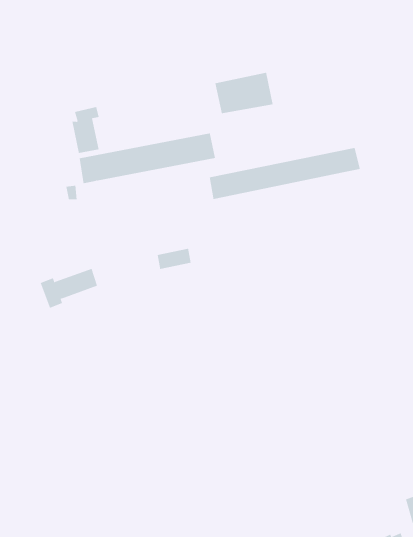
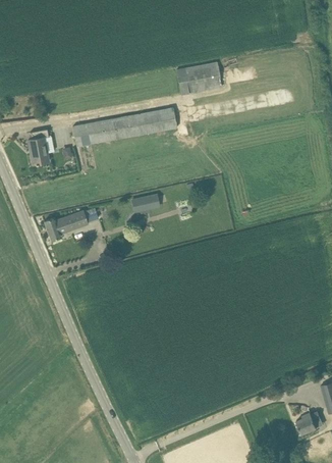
building: [71,106,100,153] -> [27,128,49,164]
building: [209,147,360,200] -> none

